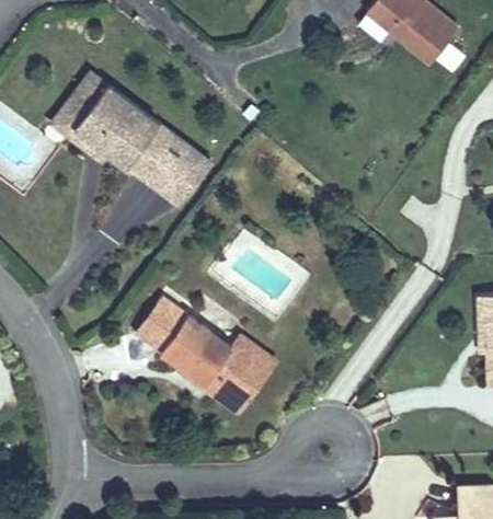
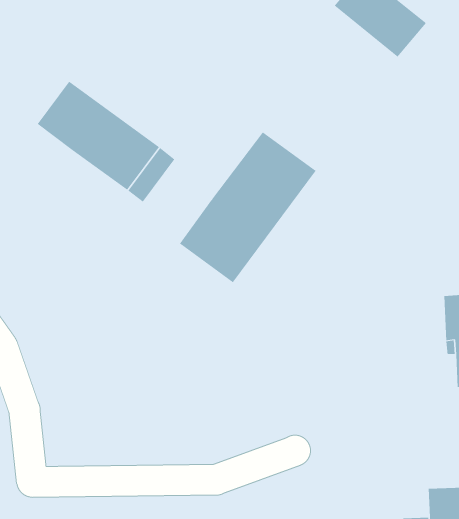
building: [51,72,110,162] -> none
building: none -> [179,131,316,283]
building: [134,297,259,401] -> none

